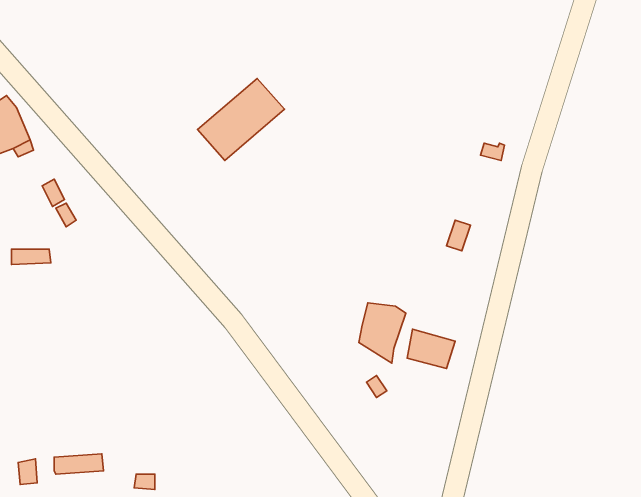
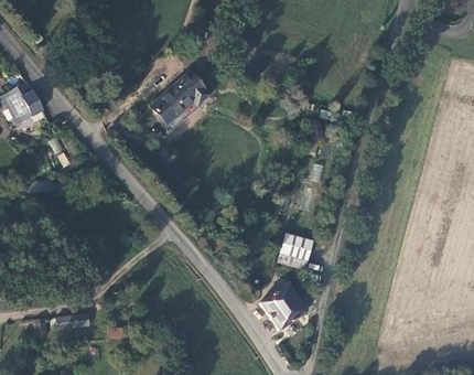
building: [359,303,406,363] -> none
building: none -> [260,285,304,330]

